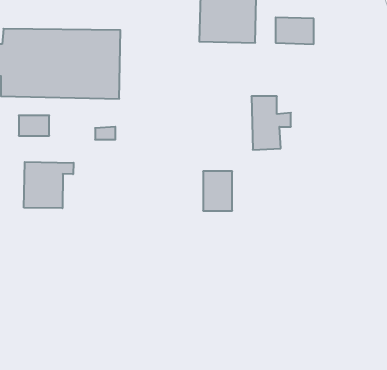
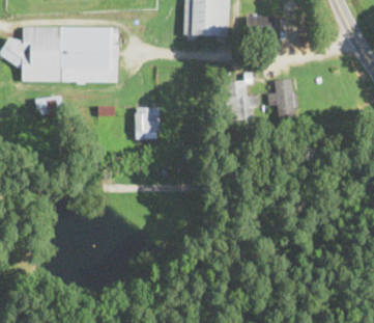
building: none -> [267,78,296,122]
building: [24,162,74,208] -> none
building: [203,171,232,211] -> [135,106,159,138]

